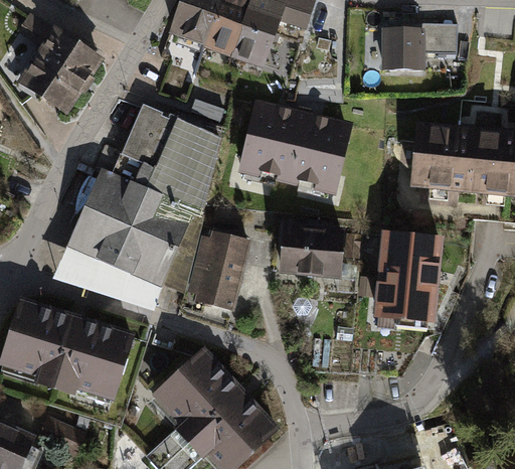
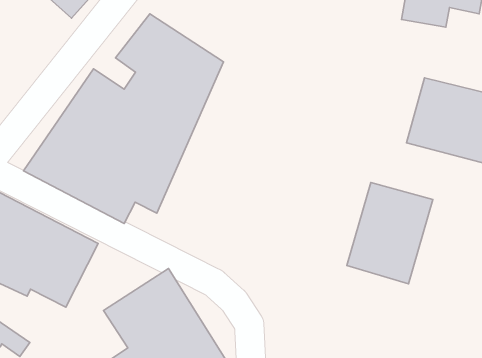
building: [239,99,355,195] -> none
building: [277,223,343,276] -> none
building: [187,228,250,311] -> none

